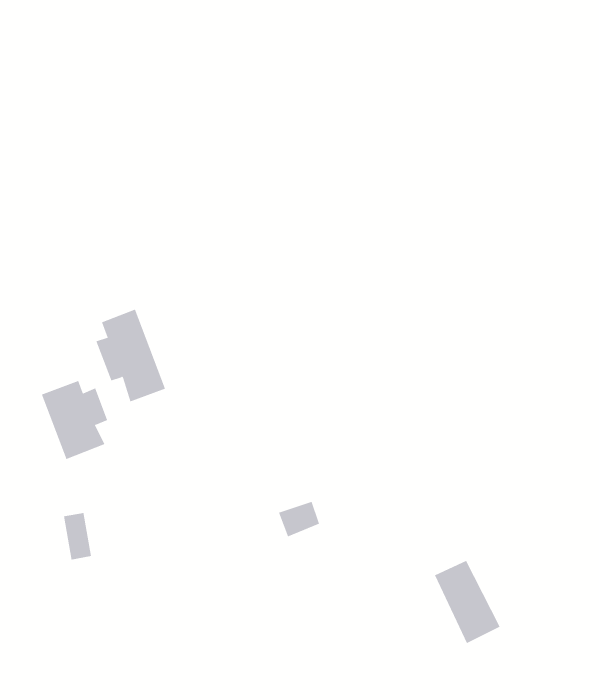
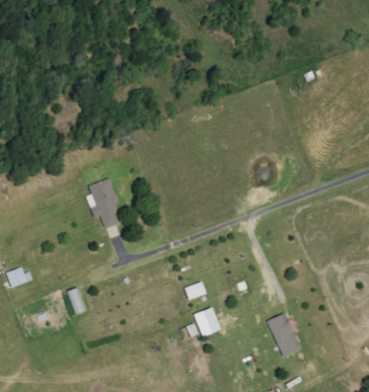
building: [41,380,108,460] -> none
building: none -> [194,308,221,337]

